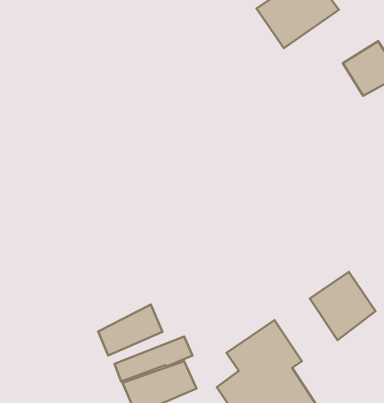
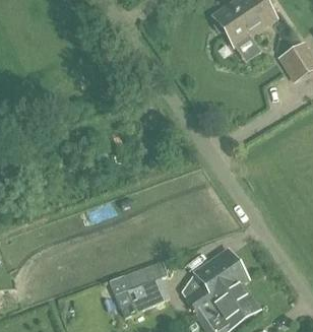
building: [310,272,376,340] -> none
building: [98,304,163,356] -> none

